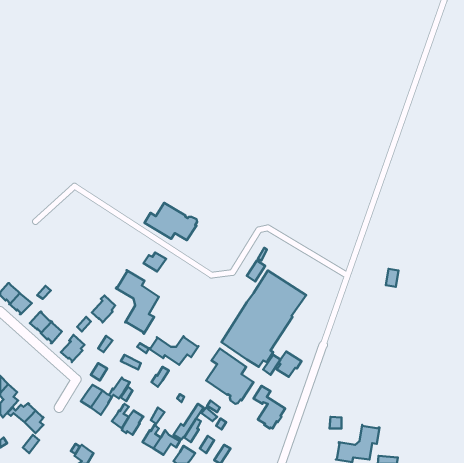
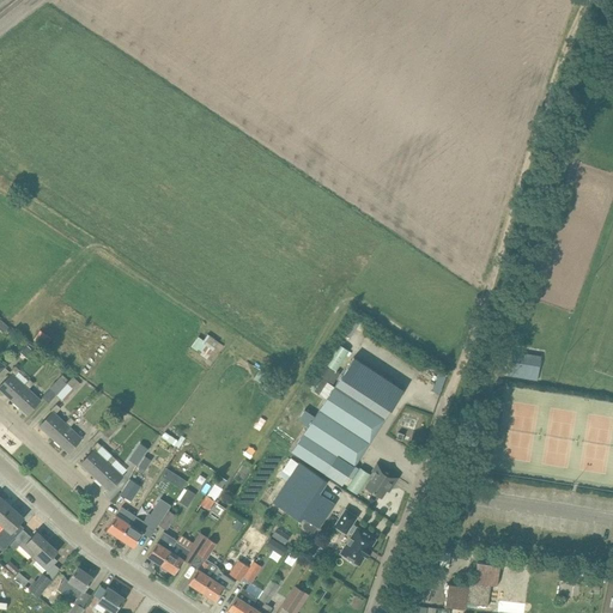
building: [144,203,197,240] -> none
building: [116,270,159,334] -> none
building: [92,295,115,323] -> [95,456,126,492]
building: [149,336,198,365] -> none
building: none -> [57,568,93,599]

